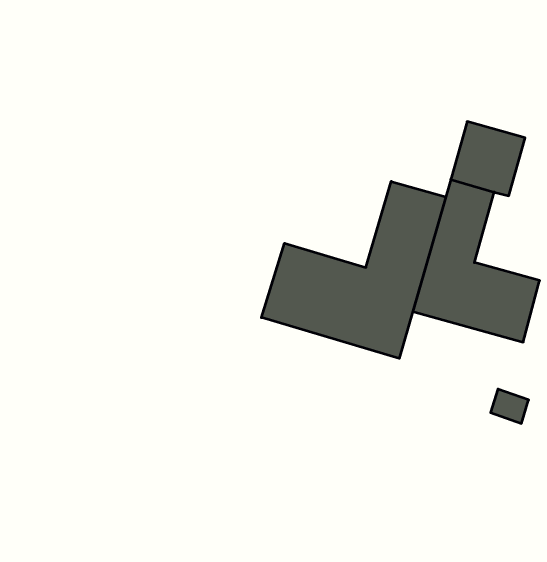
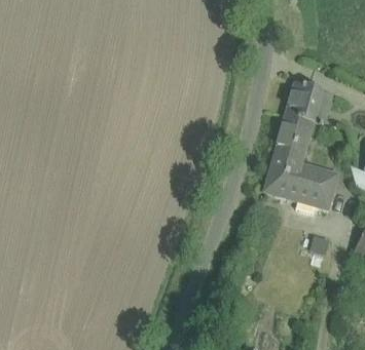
building: [261,181,446,358] -> none

